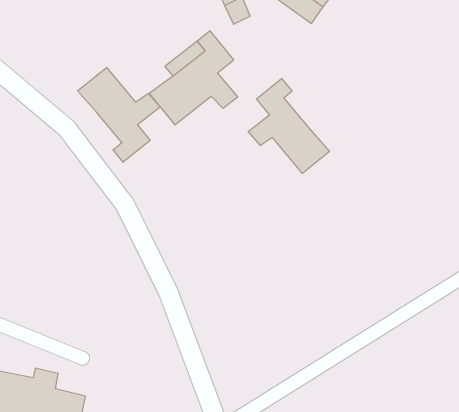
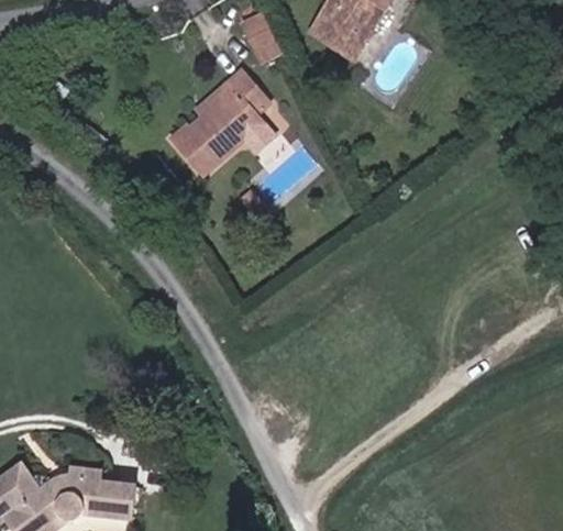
building: [78,67,160,162] -> none
building: [248,78,329,173] -> none

